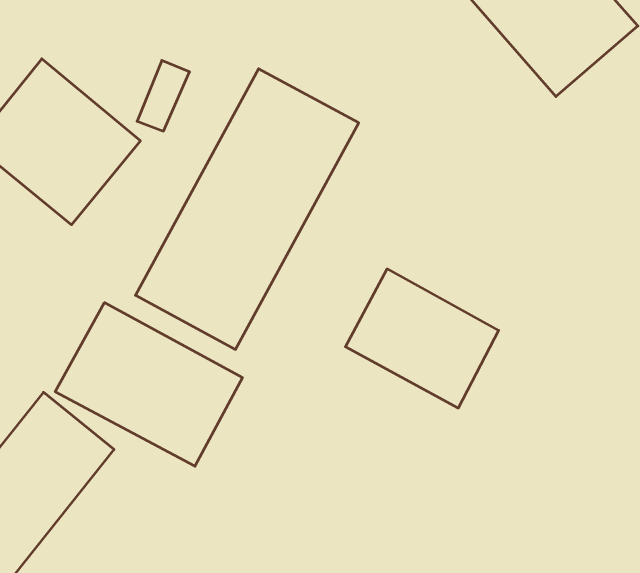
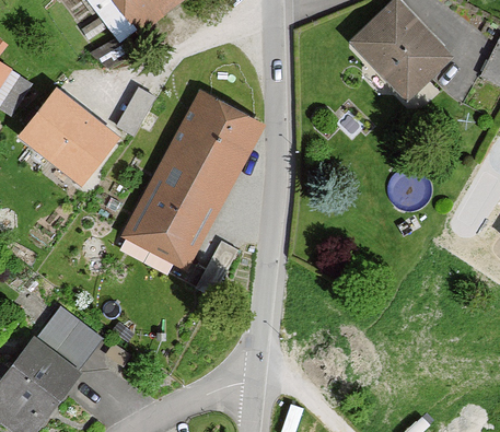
building: [345,269,499,408] -> none
building: [55,303,242,466] -> none

